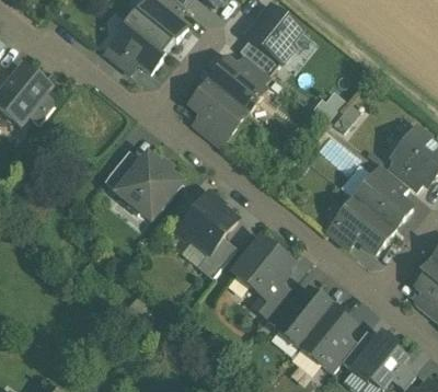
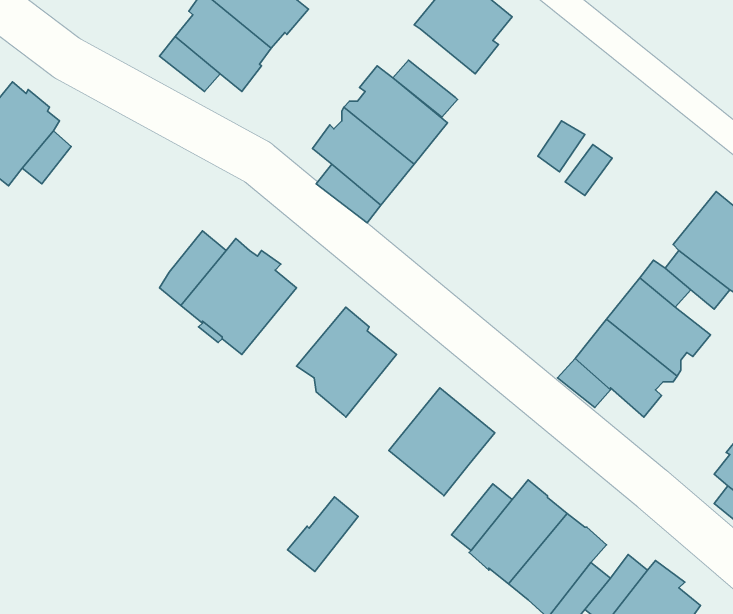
building: [239,35,280,73] -> none
building: [196,234,235,276] -> [287,497,358,571]
building: [252,278,290,318] -> none

